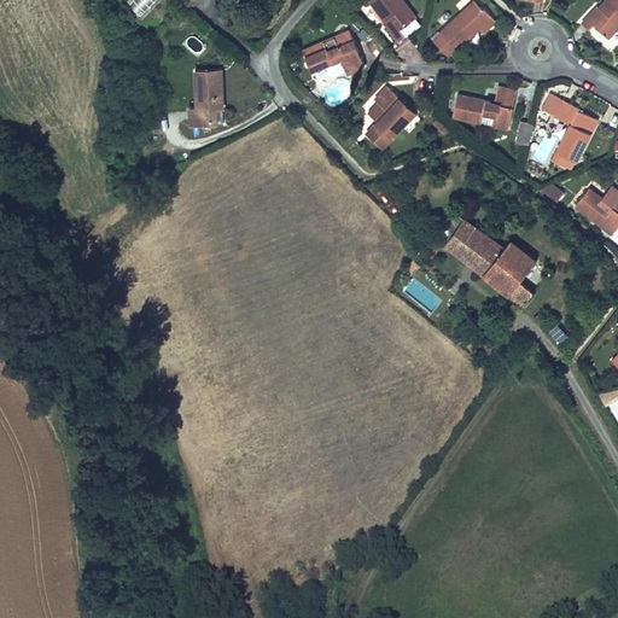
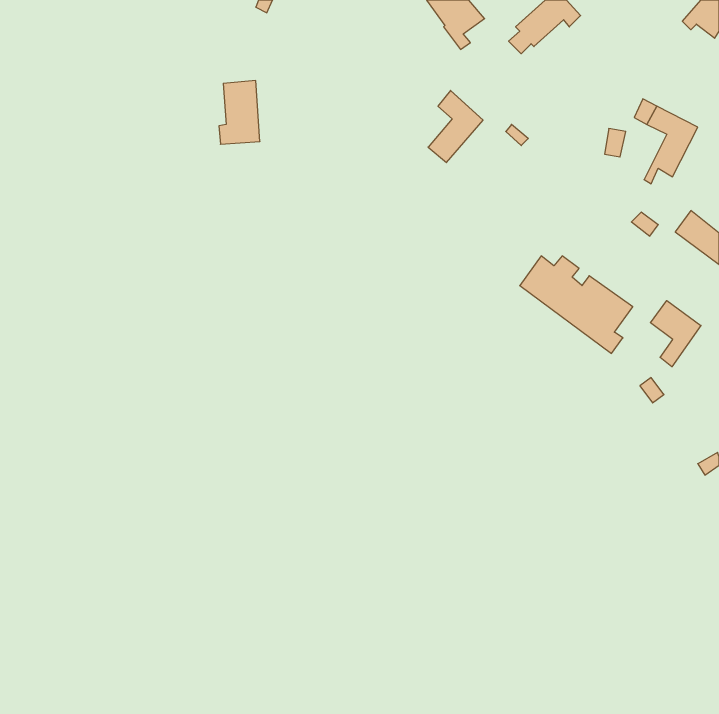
building: [301,28,362,70] -> none
building: [460,84,519,126] -> none
building: none -> [650,301,701,367]

